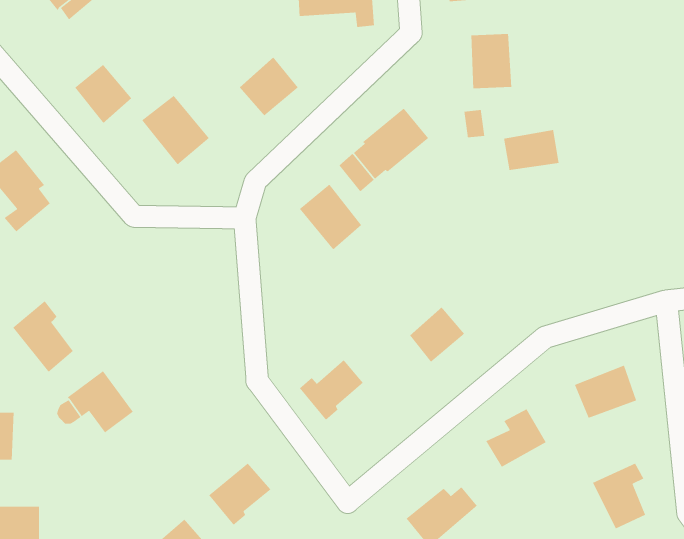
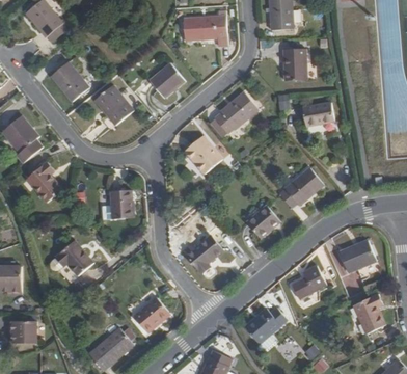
building: none -> [278,168,323,209]
building: none -> [109,190,132,219]
building: [12,300,74,373] -> [27,161,62,203]

